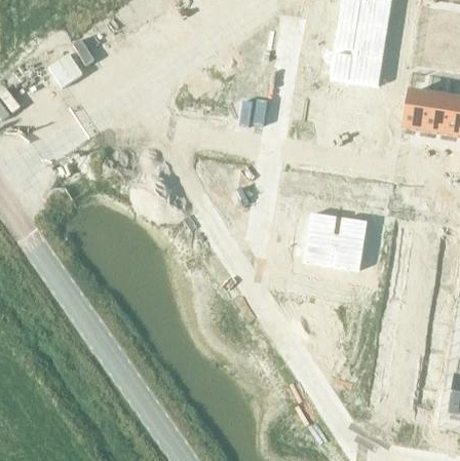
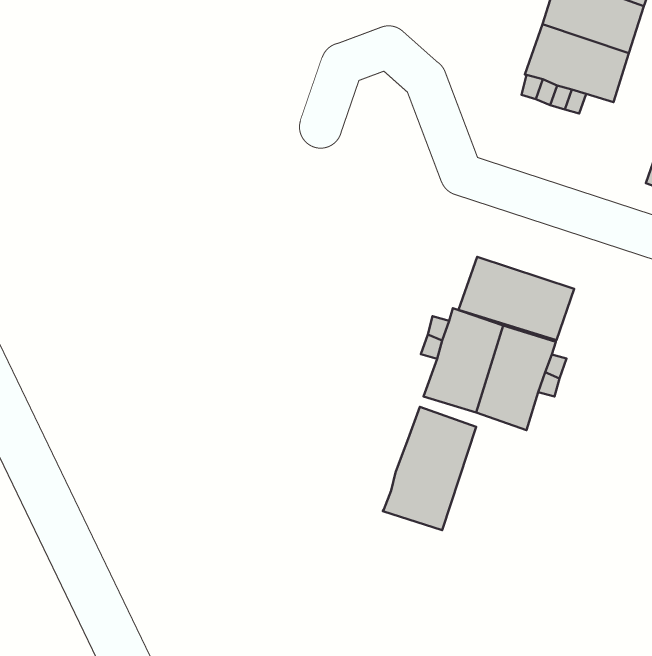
building: none -> [458,257,574,340]
building: none -> [383,407,476,530]

